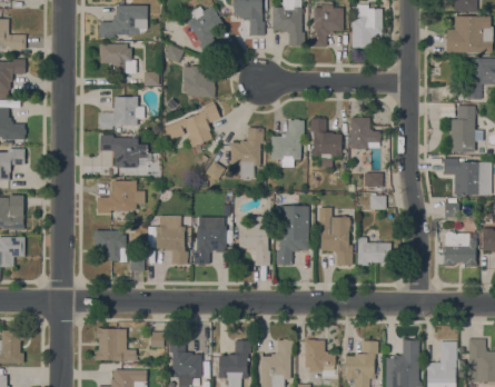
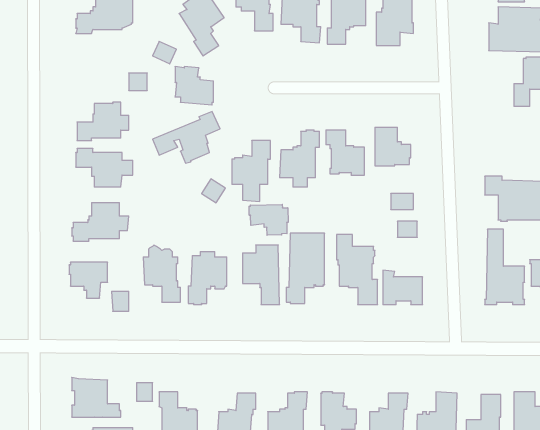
building: [99,43,135,72] -> none
building: [451,106,482,152] -> none
building: none -> [249,204,288,235]

